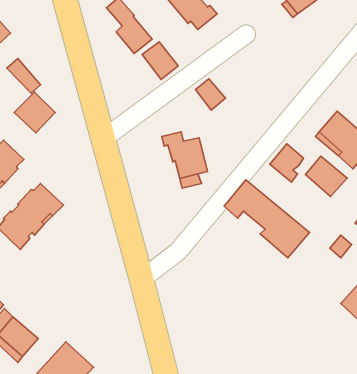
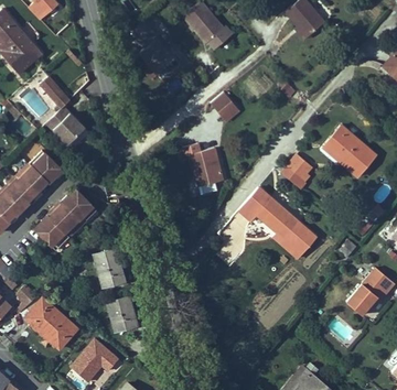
building: [142,42,178,79] -> none
building: [305,156,347,196] -> none
building: none -> [93,246,127,286]
building: none -> [107,295,138,331]

